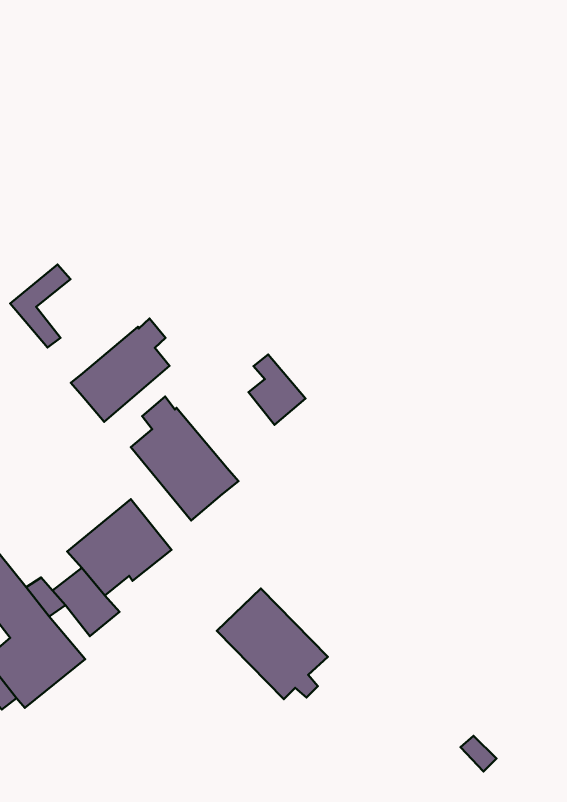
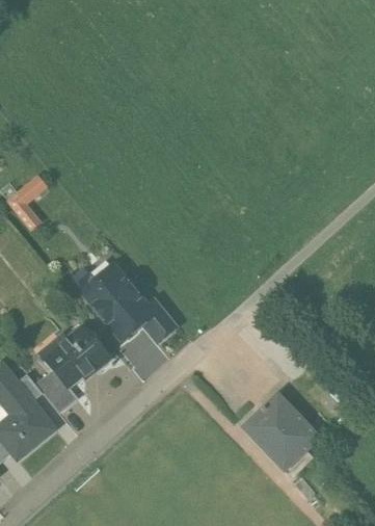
building: [71,318,170,422] -> none
building: [248,355,306,425] -> [142,299,179,344]
building: [217,588,328,699] -> [247,393,318,464]

